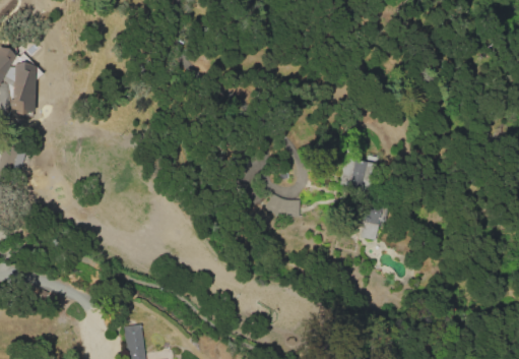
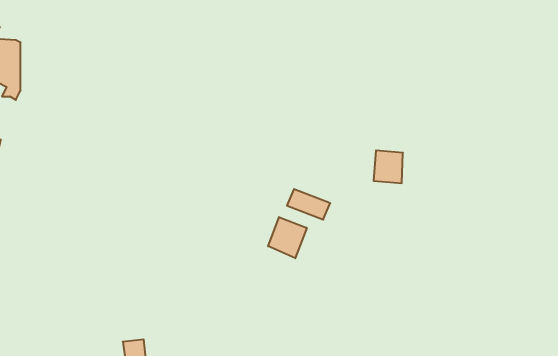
building: [361,201,380,238] -> none
building: none -> [268,217,307,258]

